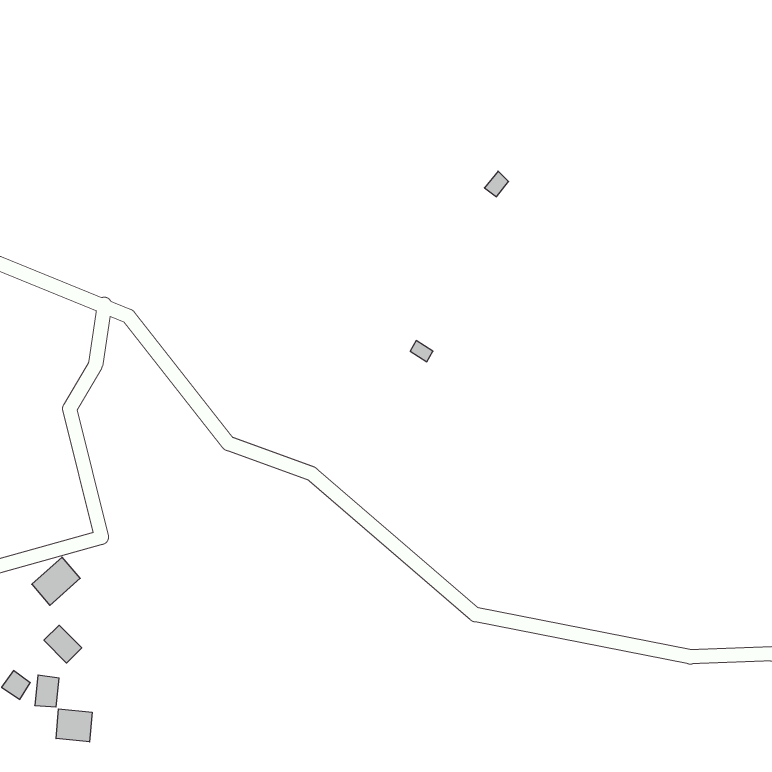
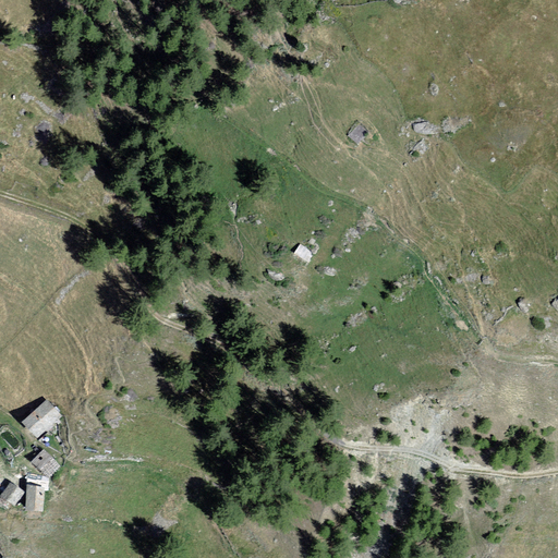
building: [56,709,92,742] -> none

